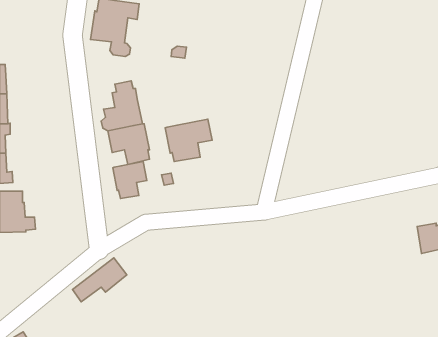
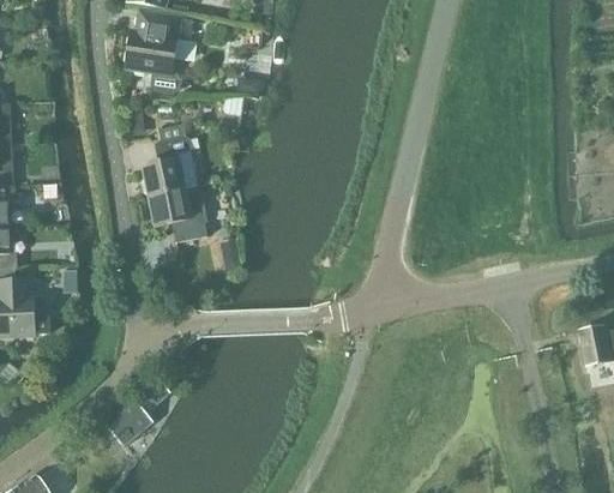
building: [165,119,212,162] -> none
building: [113,161,147,198] -> none

